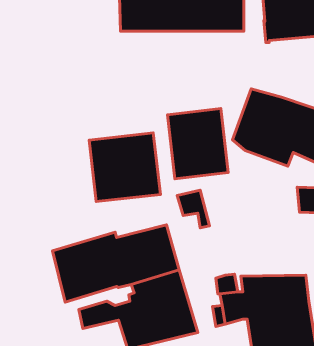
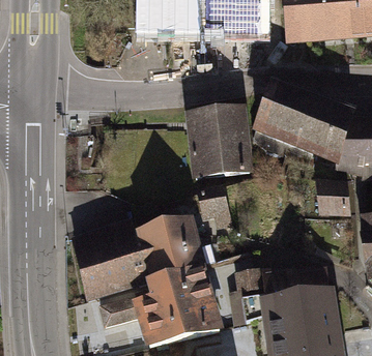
building: [89,133,160,202] -> none

